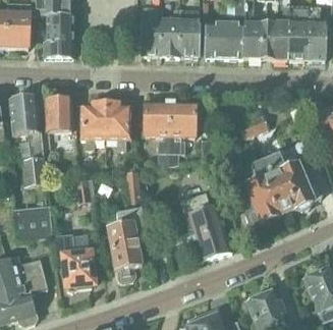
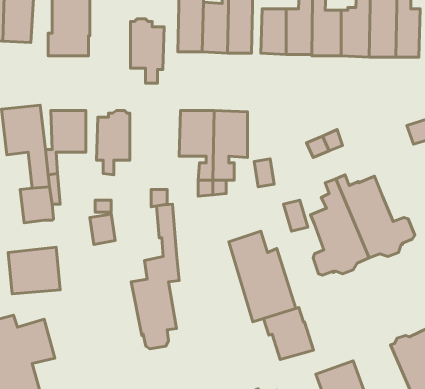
building: [105,100,130,149] -> [131,19,164,83]
building: [56,234,94,291] -> none
building: none -> [264,308,313,359]

